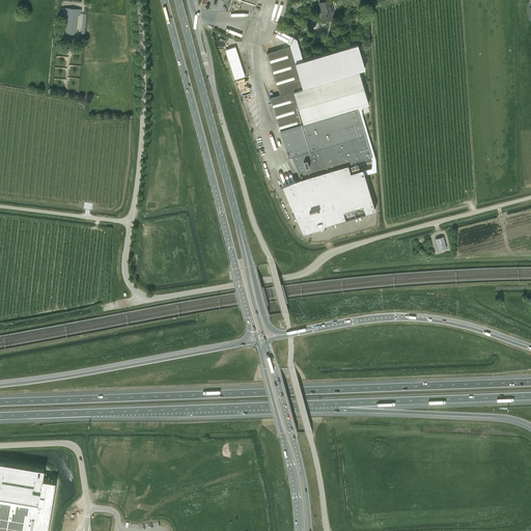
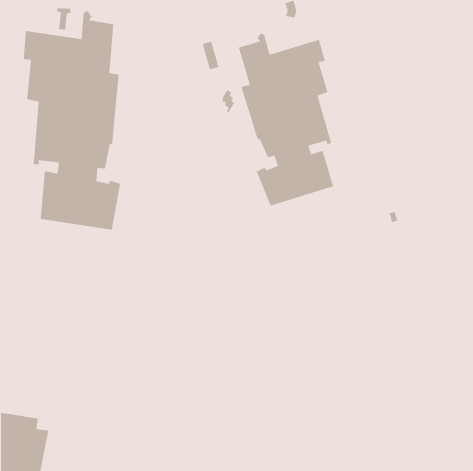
building: none -> [23,10,121,231]

